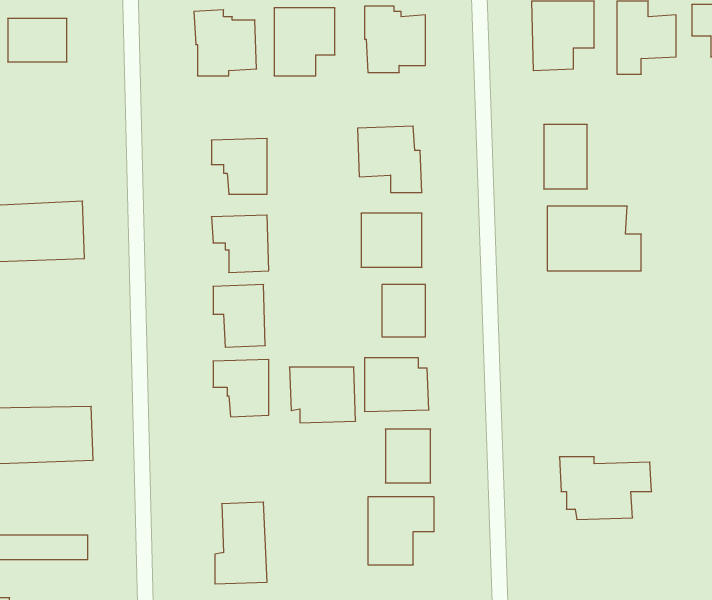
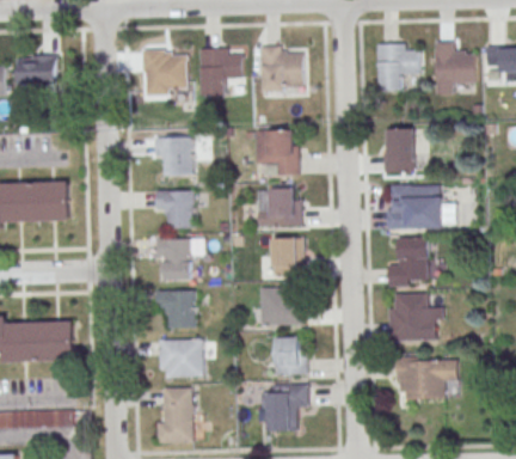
building: none -> [387,237,426,284]
building: none -> [388,293,436,341]
building: [289,367,356,423] -> [159,339,204,378]

